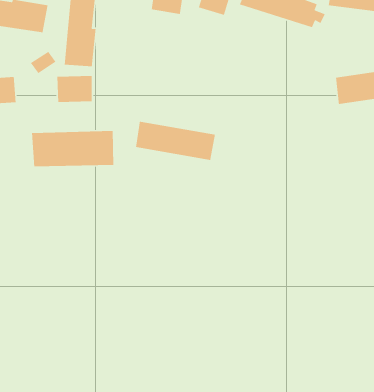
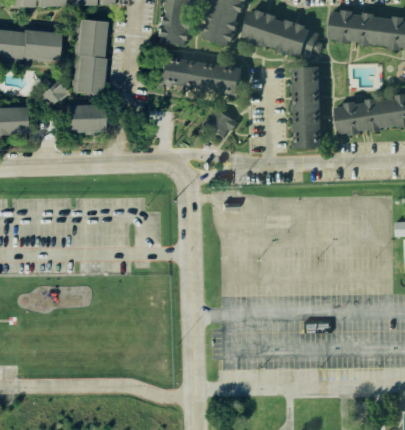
building: none -> [295,68,320,147]
building: none -> [207,109,243,140]
building: [135,121,216,161] -> [159,54,238,93]
building: [31,130,114,167] -> none

